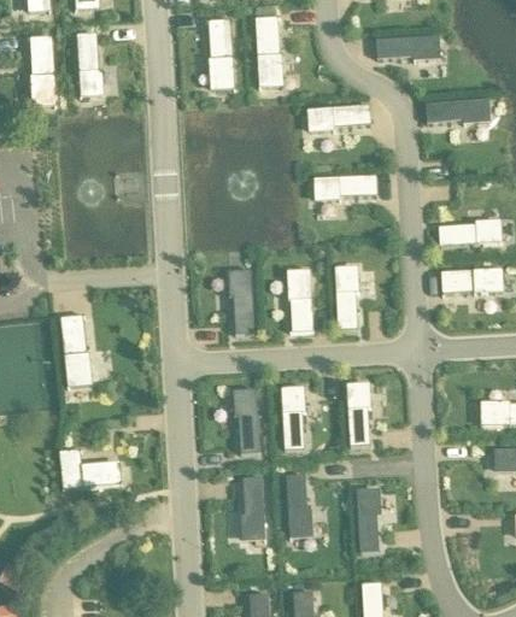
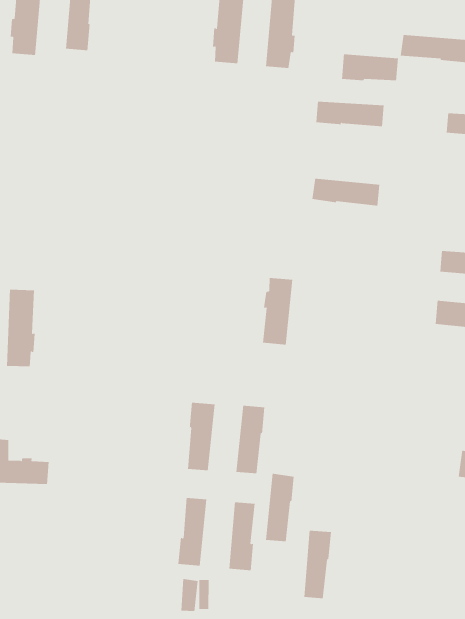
building: none -> [341,53,399,81]
building: [334,266,357,328] -> none
building: [230,271,254,333] -> none
building: [347,384,369,445] -> [265,473,295,542]

